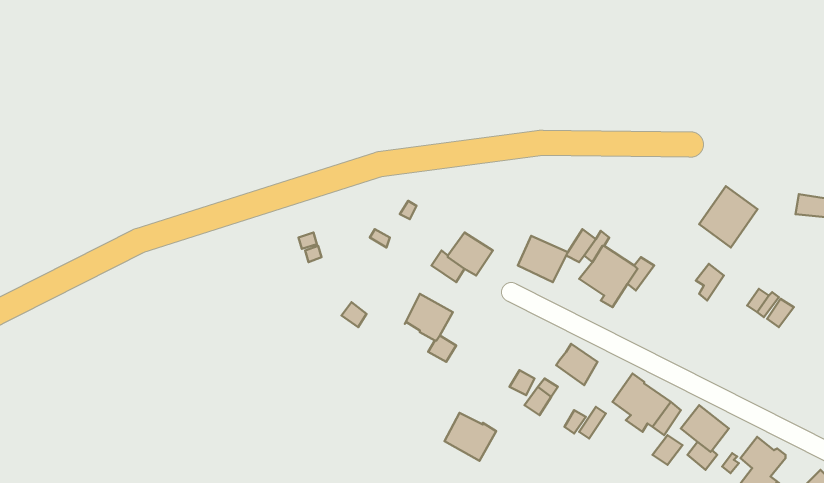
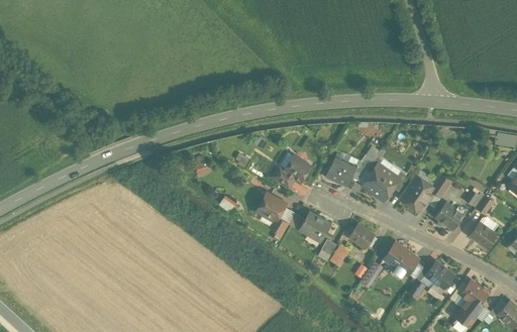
building: [699,186,757,248] -> [400,175,435,212]
building: none -> [434,202,464,229]
building: none -> [469,221,497,247]
building: [445,413,496,461] -> [299,212,330,241]

